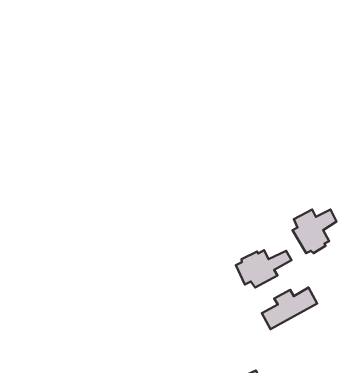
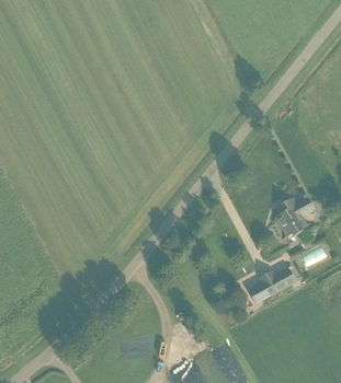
building: [236,250,292,287] -> none

